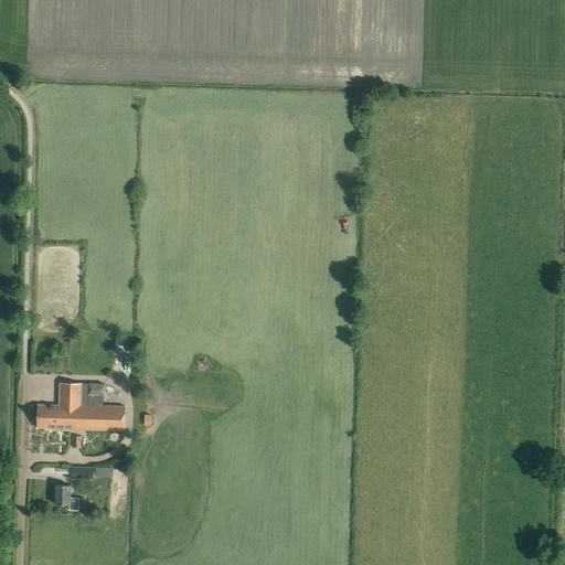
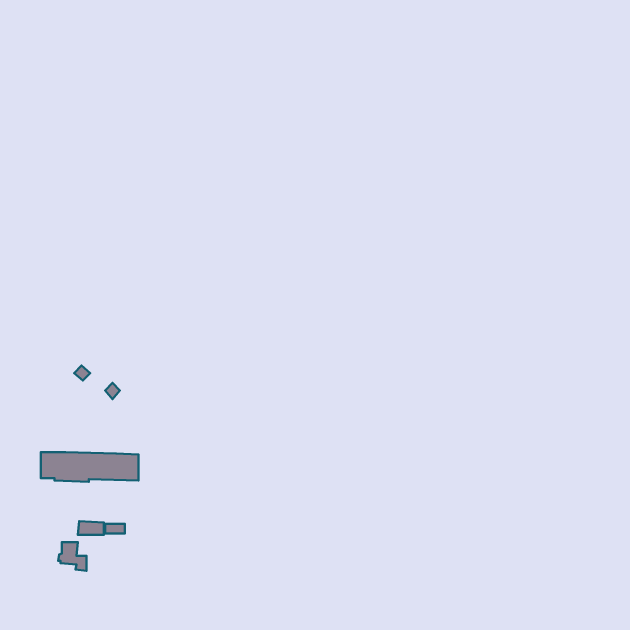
building: [58,383,104,405] -> none

